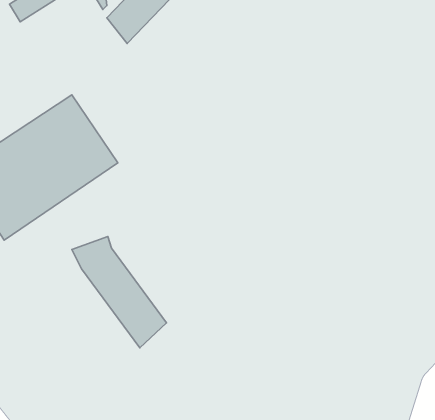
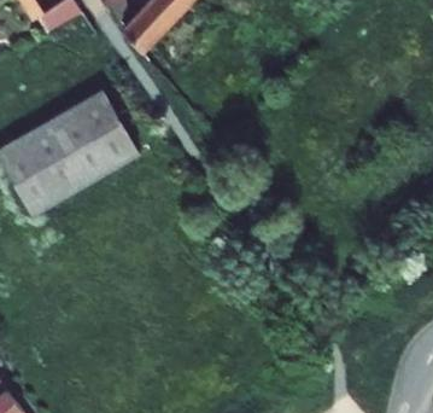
building: [72,237,166,348] -> none

